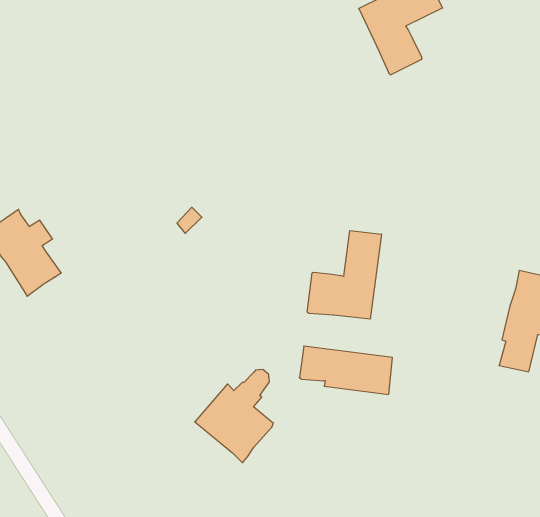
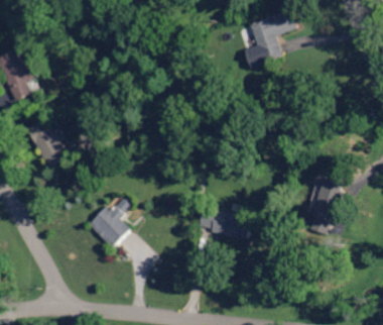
building: [307,231,381,319] -> none
building: [195,370,273,463] -> [86,199,129,249]

